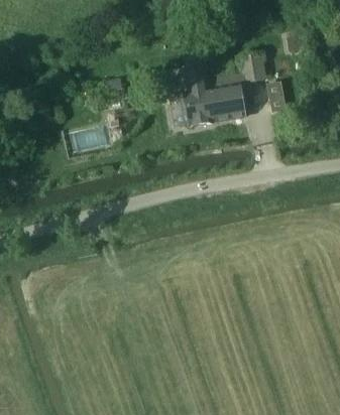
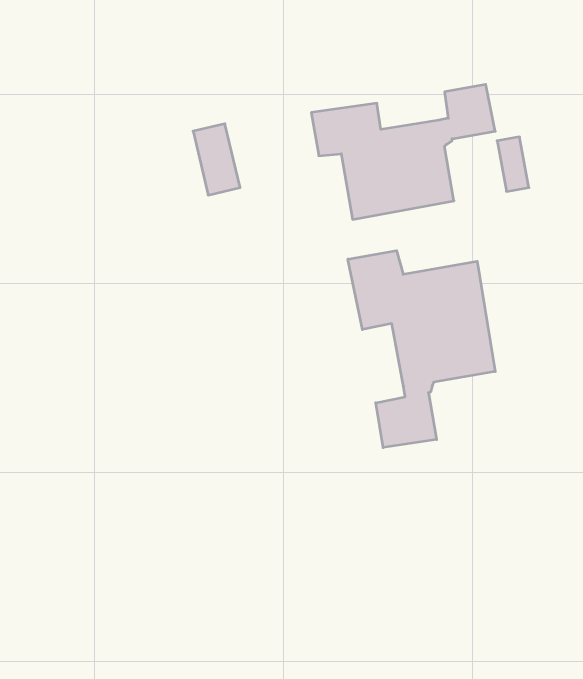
building: none -> [348,251,495,448]

